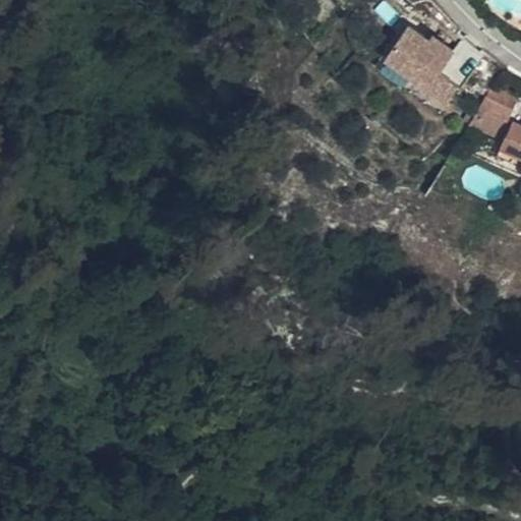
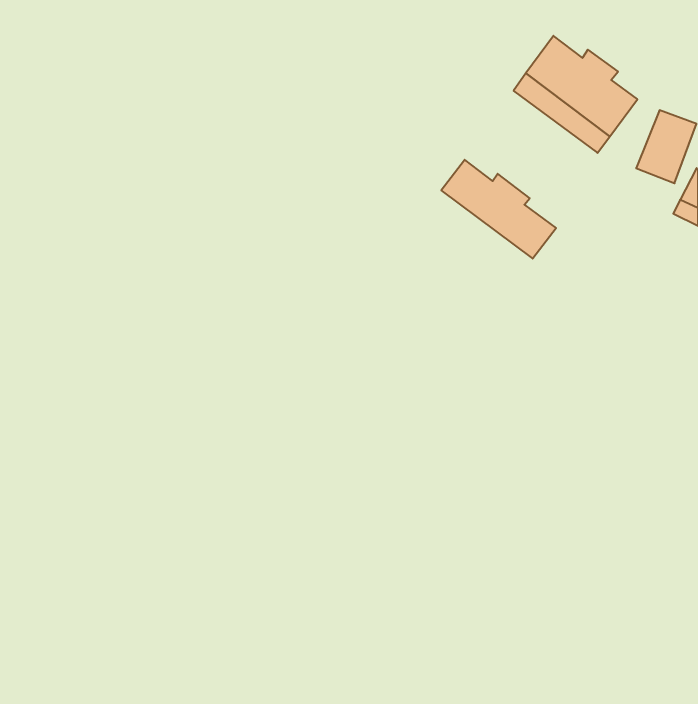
building: none -> [441,160,556,259]

